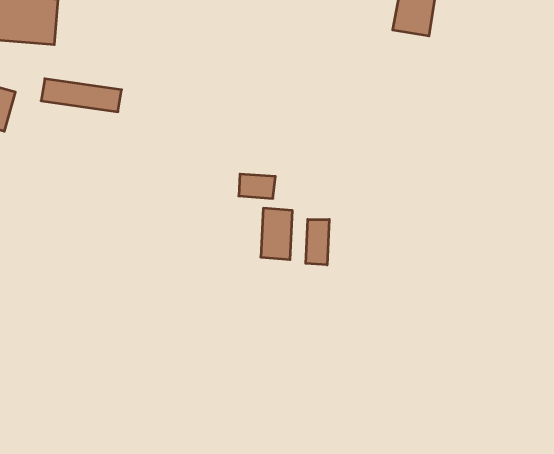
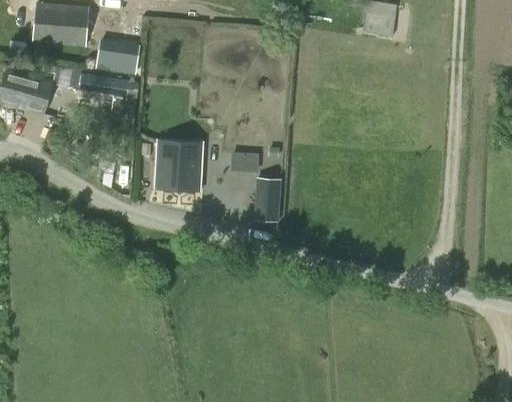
building: none -> [97,39,138,71]
building: none -> [155,141,201,191]
building: [306,219,329,265] -> none

